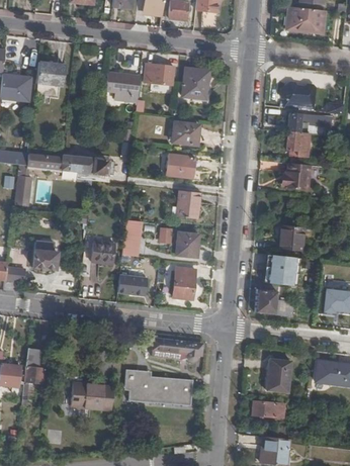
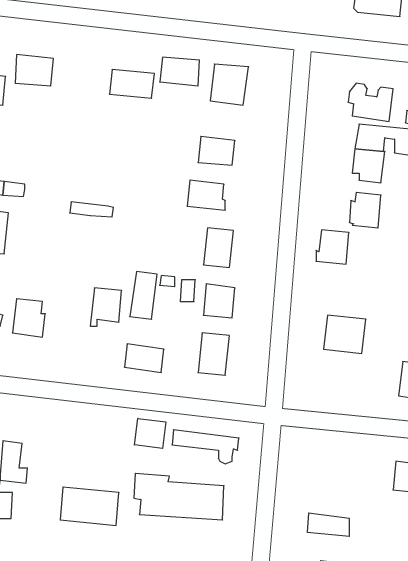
building: [61,154,106,173] -> none
building: [279,225,303,251] -> [316,230,349,264]
building: [254,290,293,317] -> none
building: none -> [134,418,166,448]
building: [269,361,291,393] -> none

